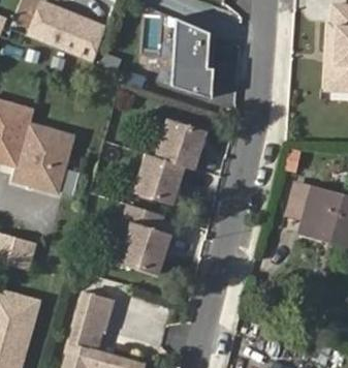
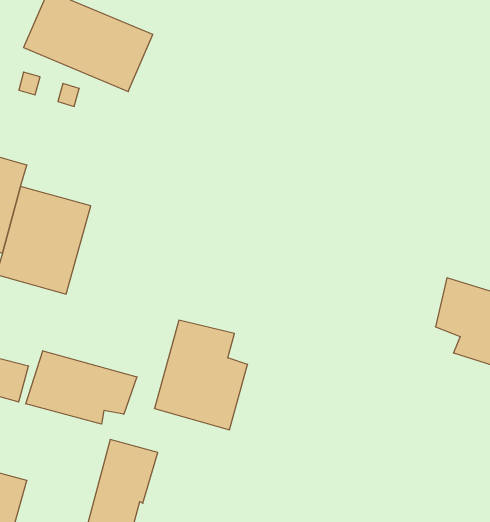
building: [170,18,214,98] -> none
building: [133,122,204,208] -> none
building: none -> [26,351,137,424]

